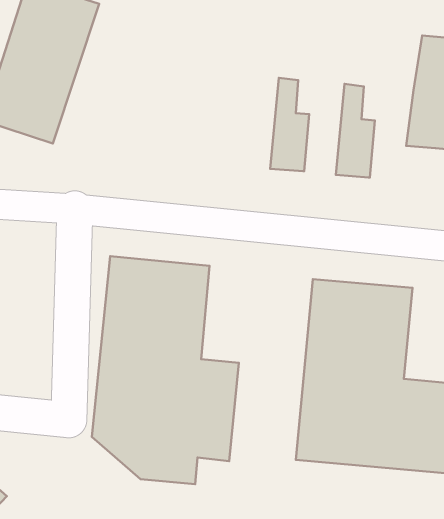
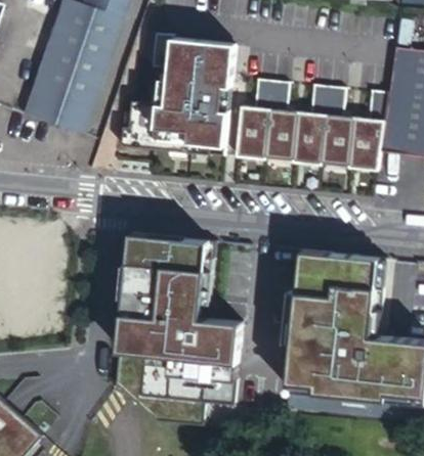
building: none -> [122,35,235,154]
building: none -> [238,79,273,156]
building: none -> [295,84,329,162]
building: none -> [350,89,387,166]

